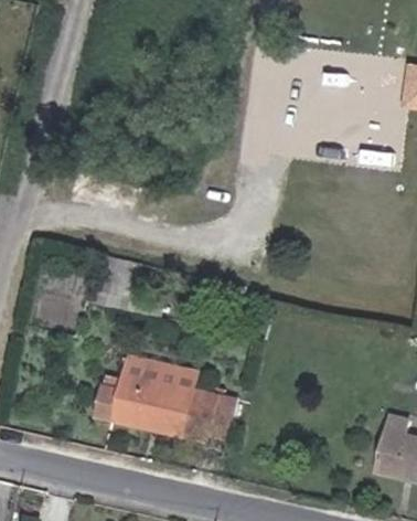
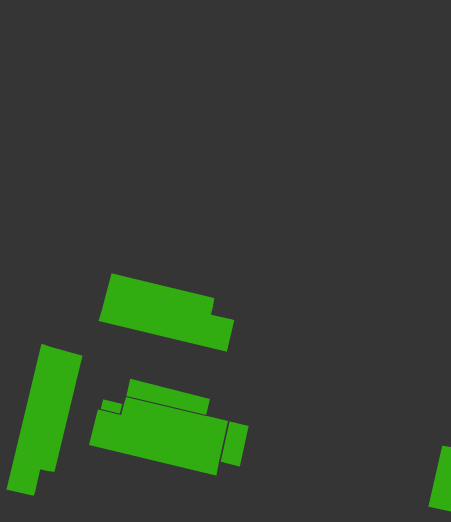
building: none -> [98,273,235,352]
building: none -> [6,343,83,496]

